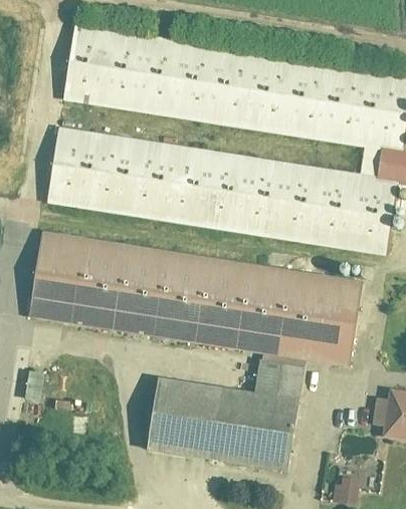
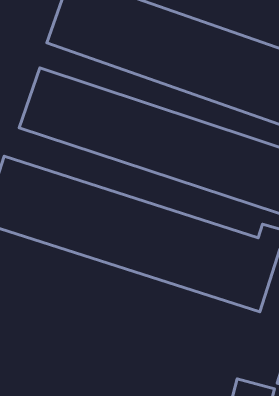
building: [150,362,297,461] -> none

